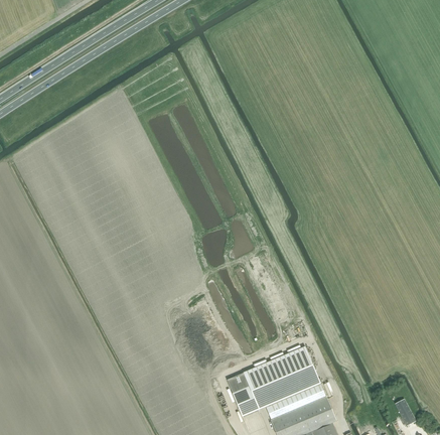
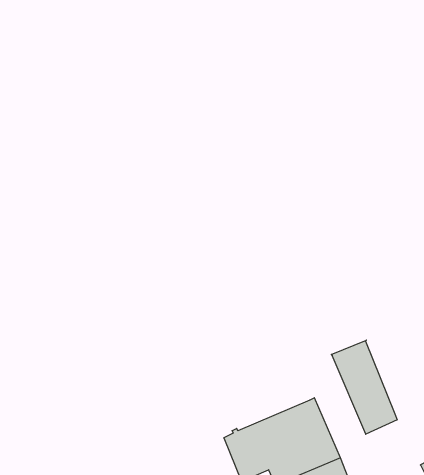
building: none -> [331,340,397,434]

